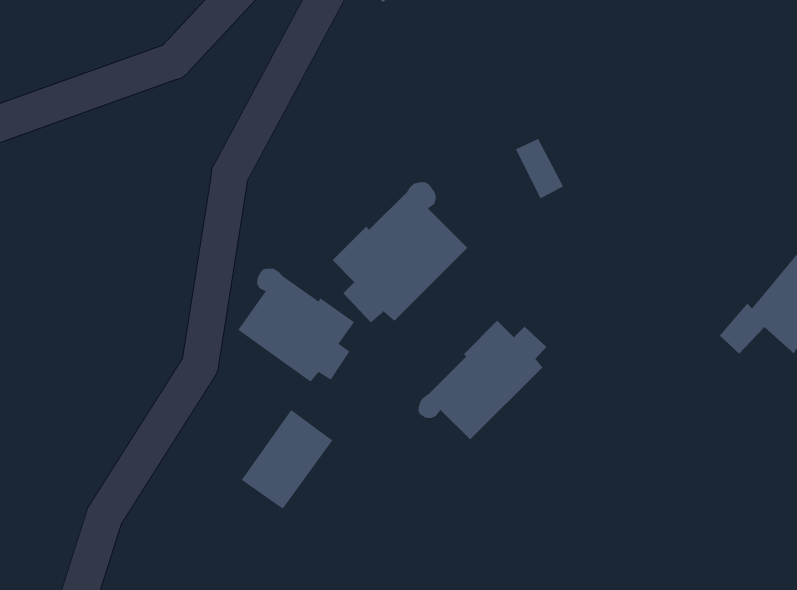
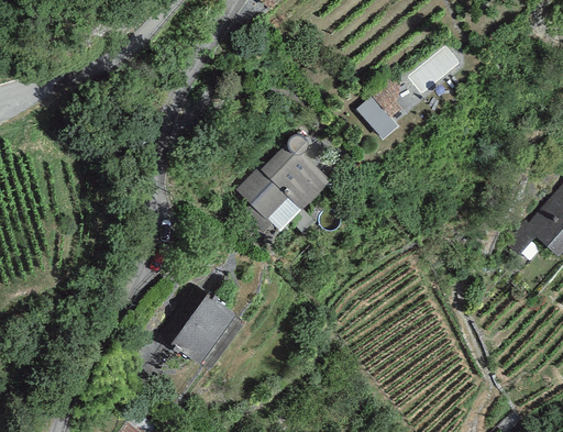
building: [237,268,355,382] -> none
building: [418,320,547,440] -> none

